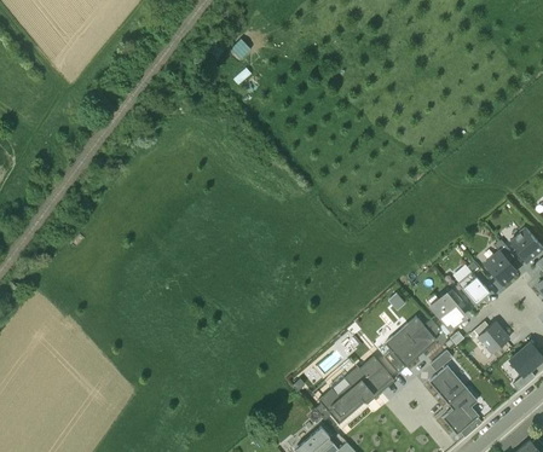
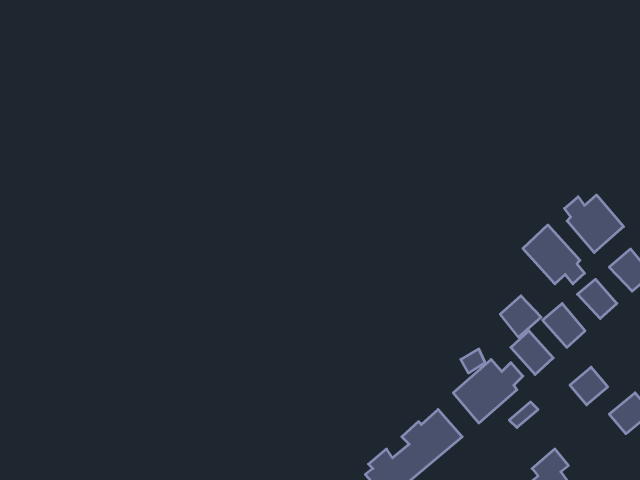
building: none -> [564,195,624,253]
building: none -> [523,225,585,284]
building: none -> [500,296,541,337]
building: [428,366,466,404] -> none

